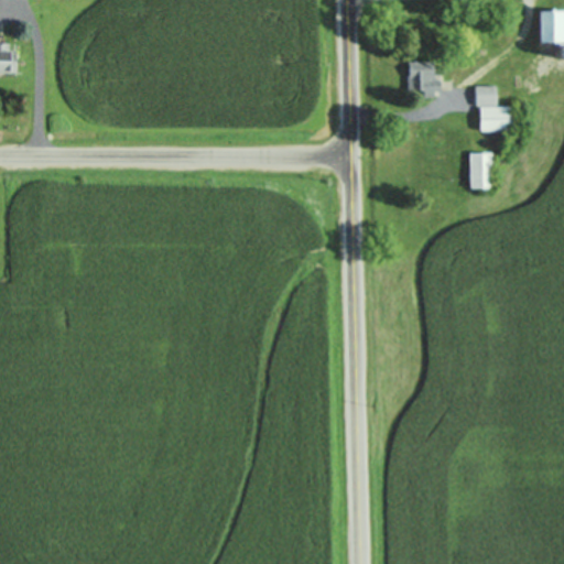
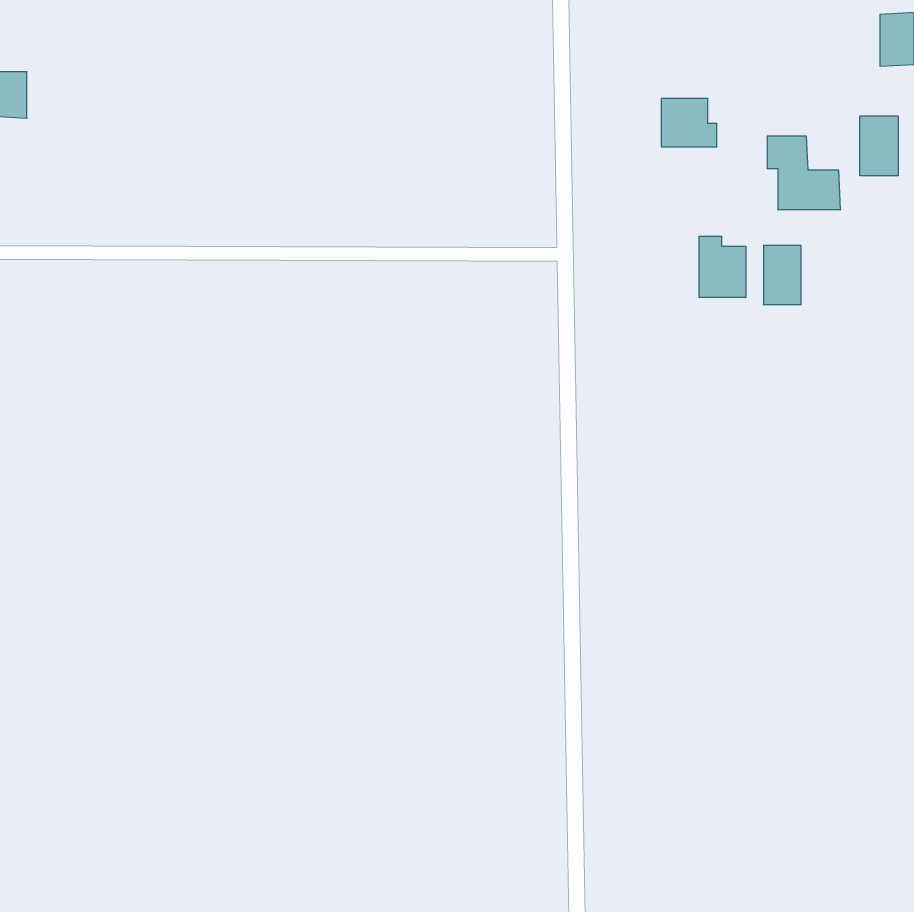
building: none -> [860,116,898,176]
building: none -> [699,236,746,298]

